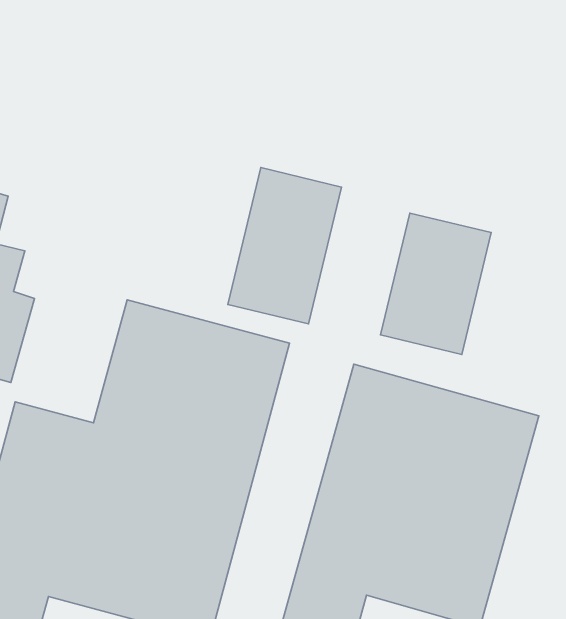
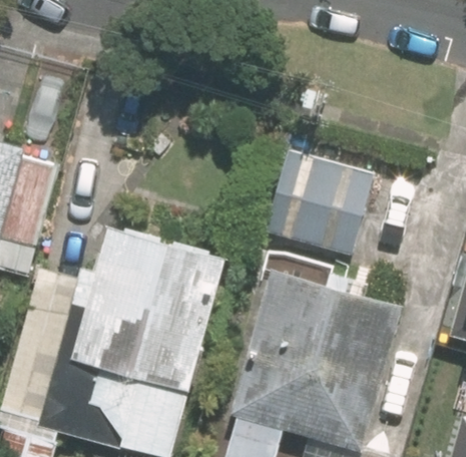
building: [228,168,342,324] -> none

